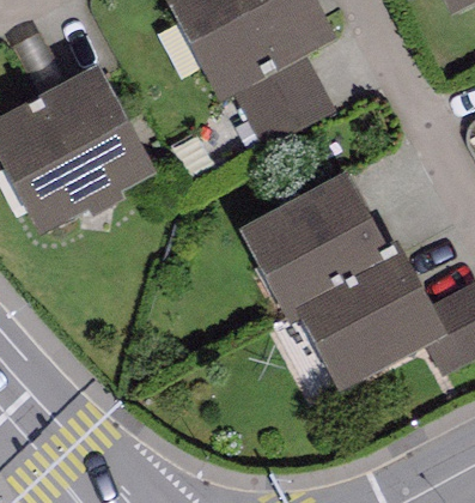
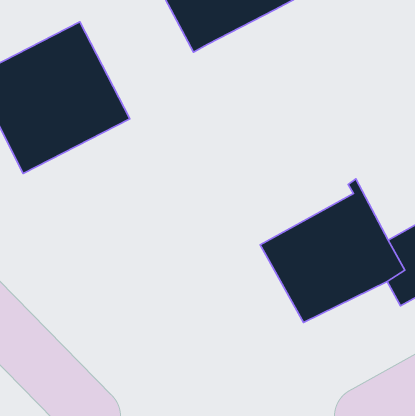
building: [235,55,334,144] -> none
building: [238,169,391,322] -> none

